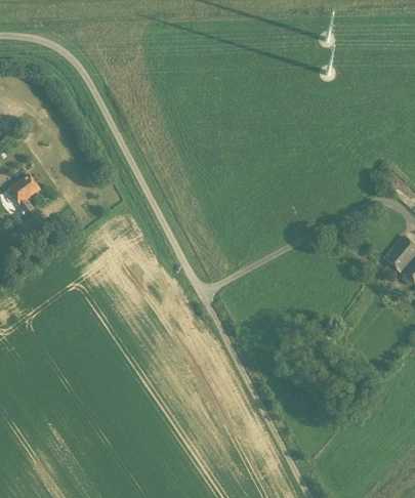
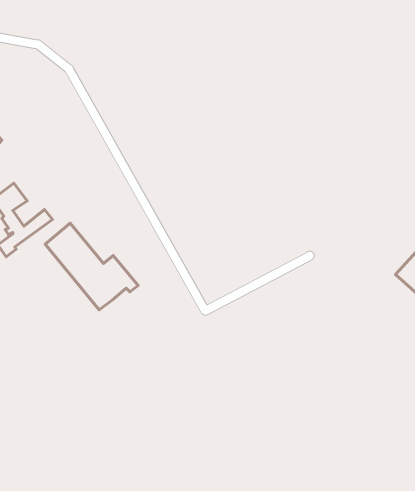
building: none -> [45,223,138,310]

